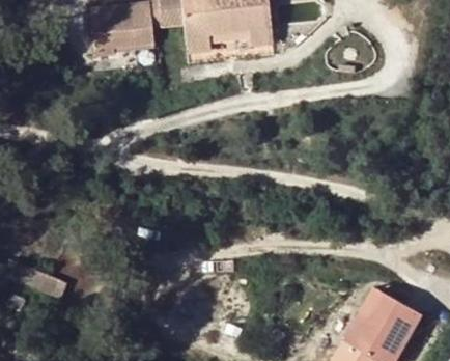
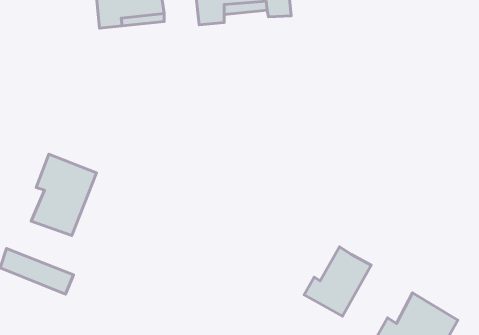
building: none -> [31,154,96,236]
building: none -> [304,247,371,316]

